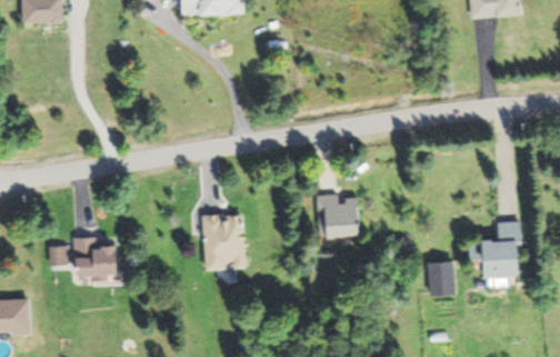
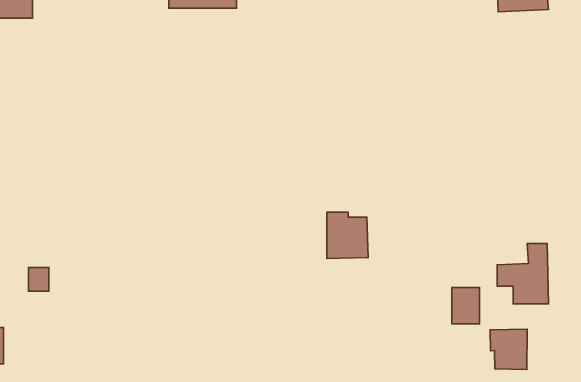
building: [203,216,242,270] -> none
building: [79,236,116,276] -> none
building: none -> [490,329,527,370]

